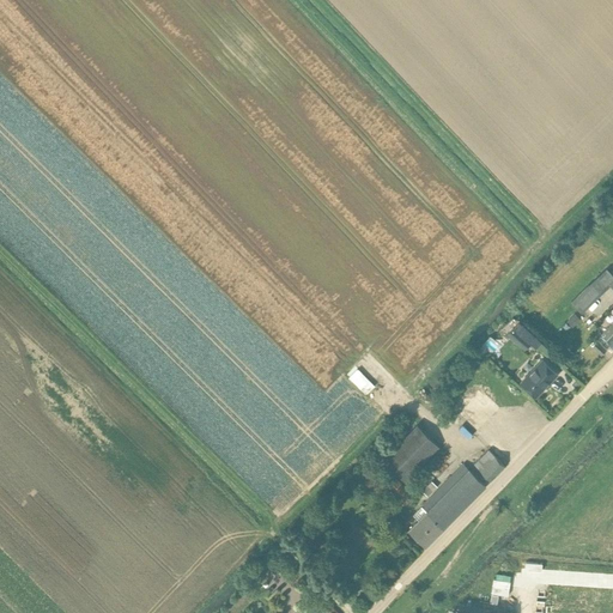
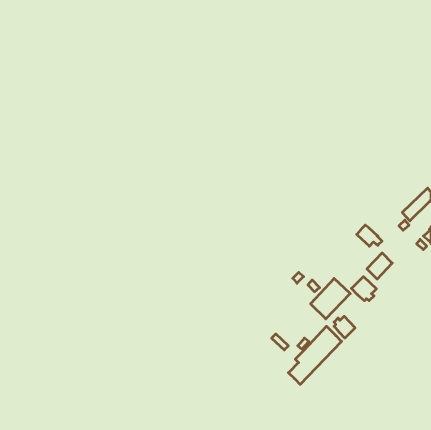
building: none -> [351,277,376,301]
building: [383,426,439,484] -> [311,278,350,319]

